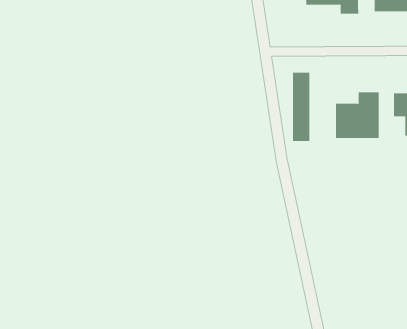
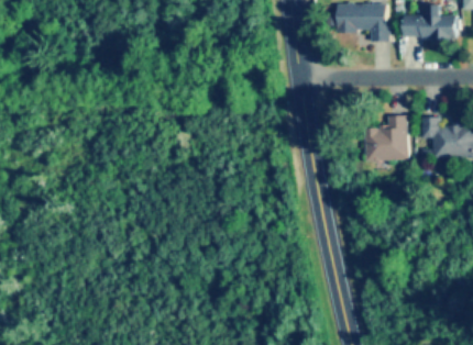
building: [292,72,310,142] -> none

